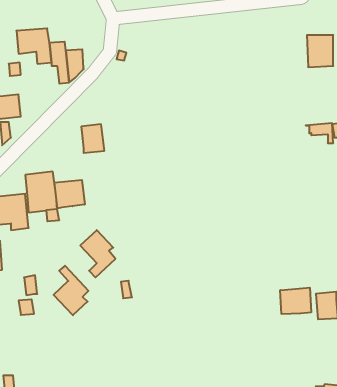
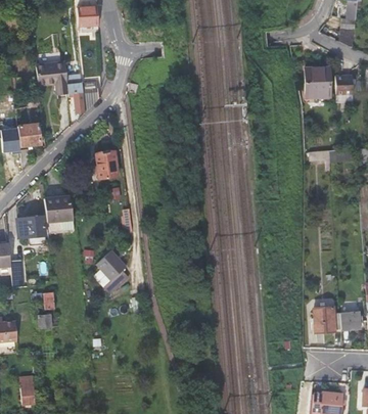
building: [54,180,85,208] -> none
building: [54,266,88,315] -> none
building: [280,288,311,314] -> none

